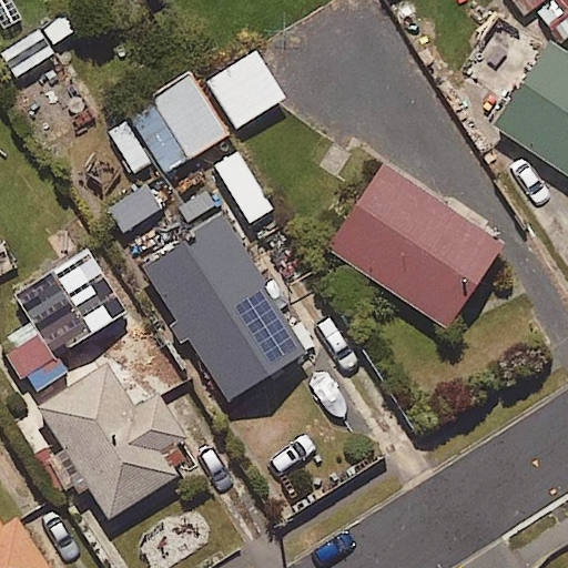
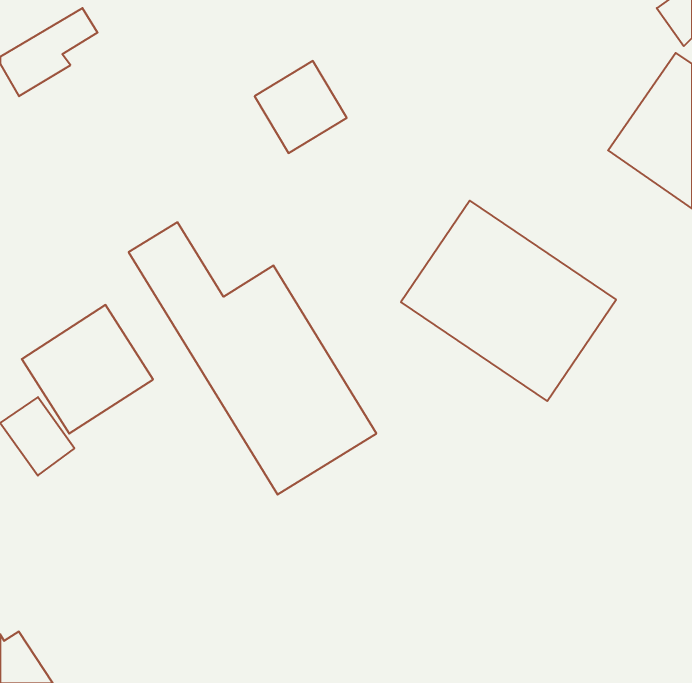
building: [126,72,227,172] -> none
building: [33,362,184,523] -> none

